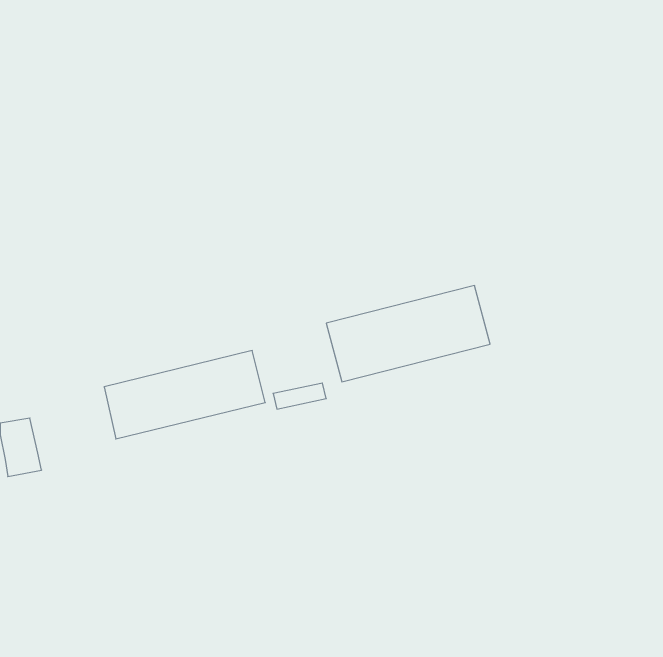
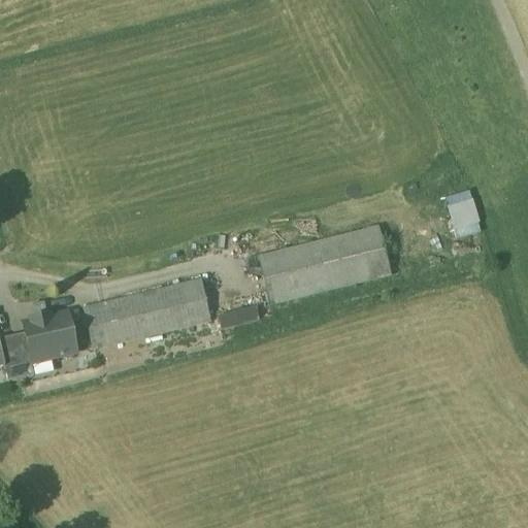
building: none -> [446,188,481,236]
building: none -> [24,315,75,360]

